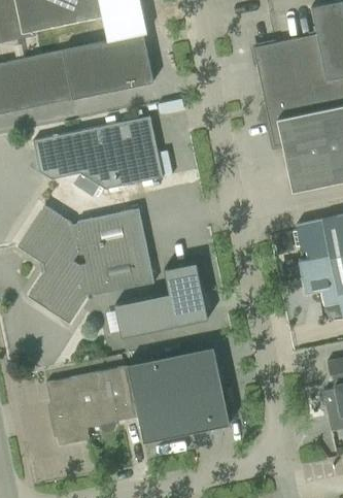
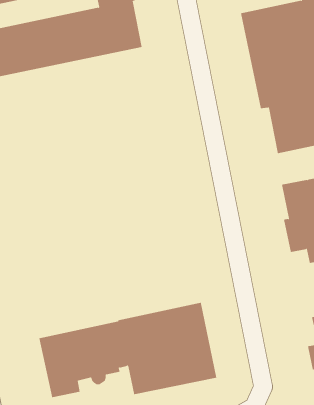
building: [32,115,162,197] -> none
building: [18,205,153,323] -> none
building: [114,264,208,338] -> none

